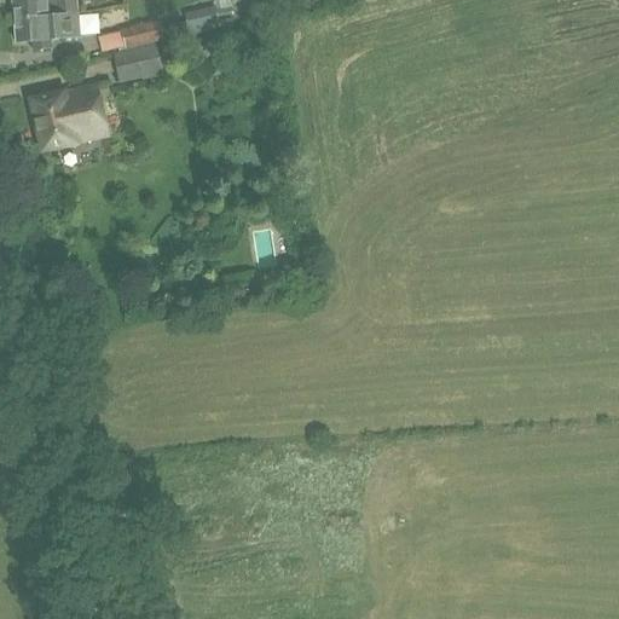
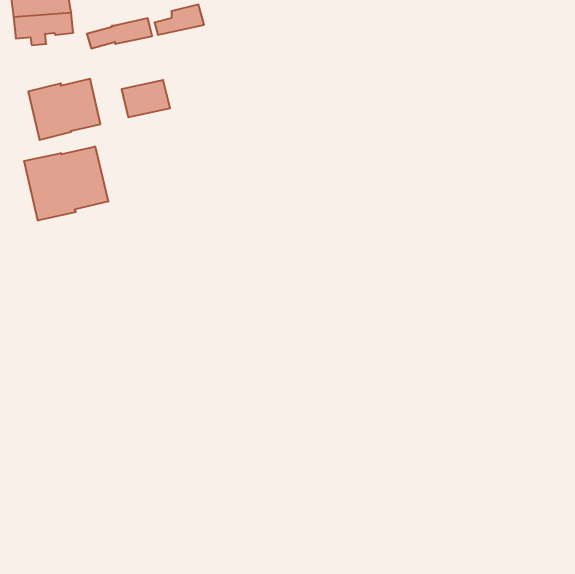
building: [112,42,164,82] -> [122,80,170,117]
building: none -> [24,146,108,221]

